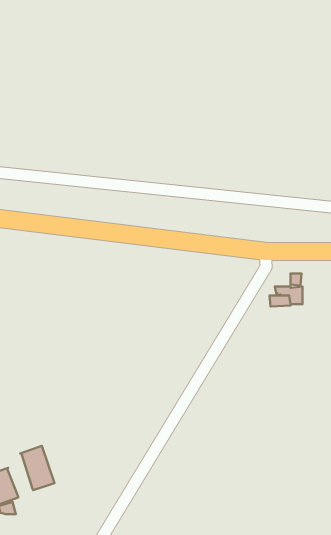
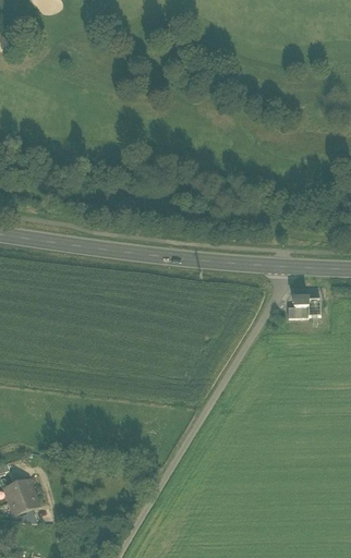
building: [20,446,54,490] -> none

